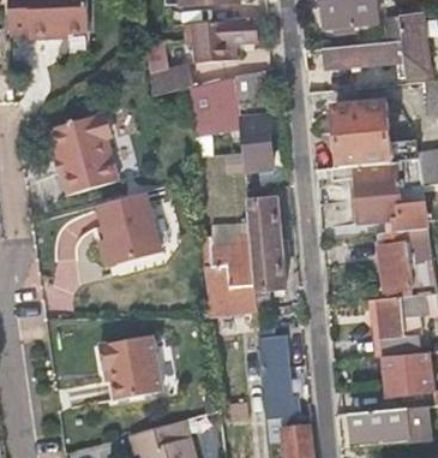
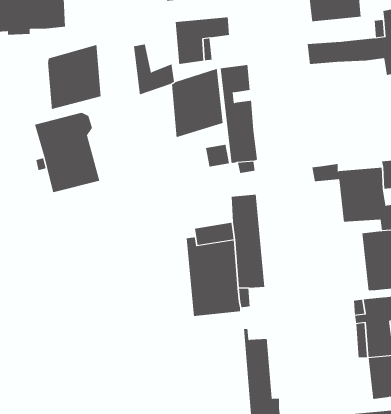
building: none -> [48,44,101,110]
building: [331,103,390,168] -> none
building: [96,189,167,262] -> none
building: [100,338,164,402] -> none

